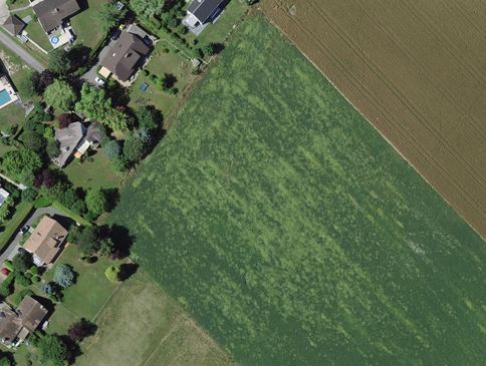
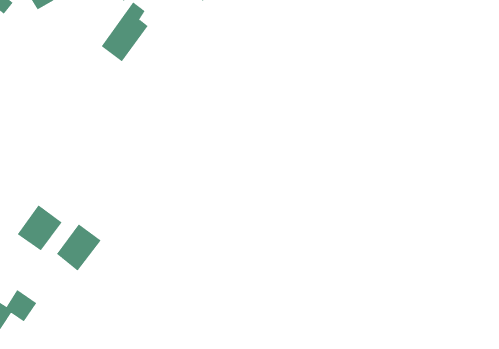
building: [57,119,105,163] -> none
building: none -> [56,224,101,271]

